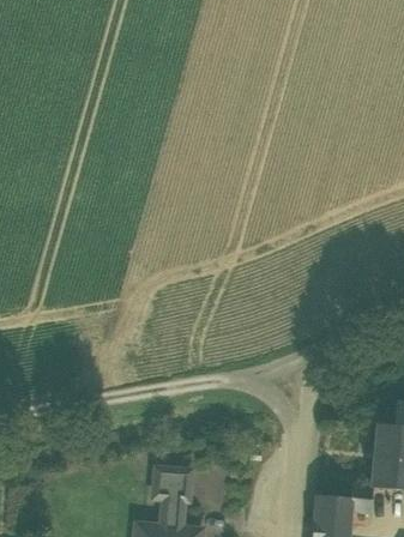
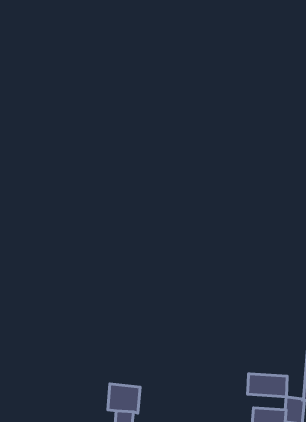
building: none -> [248,374,287,397]

